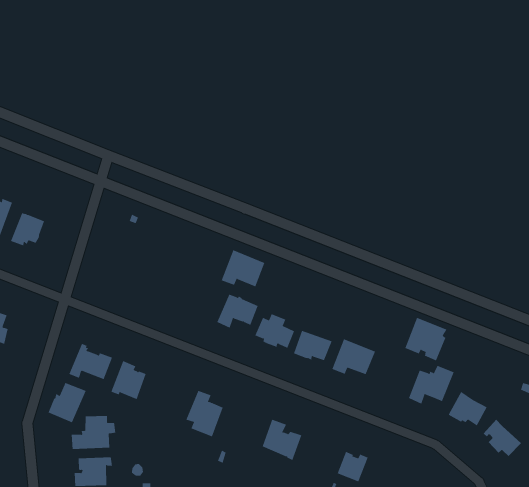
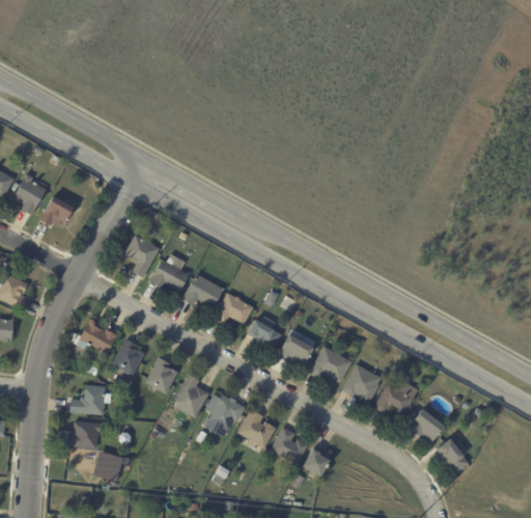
building: none -> [124,234,159,277]
building: [221,250,265,287] -> [180,273,222,309]
building: none -> [148,252,188,290]
building: [404,317,447,361] -> [340,363,381,405]
building: none -> [144,358,177,393]
building: [48,382,86,423] -> none
building: none -> [207,394,245,431]
building: none -> [269,428,307,466]

